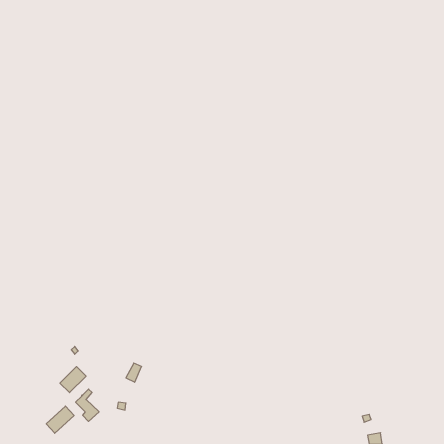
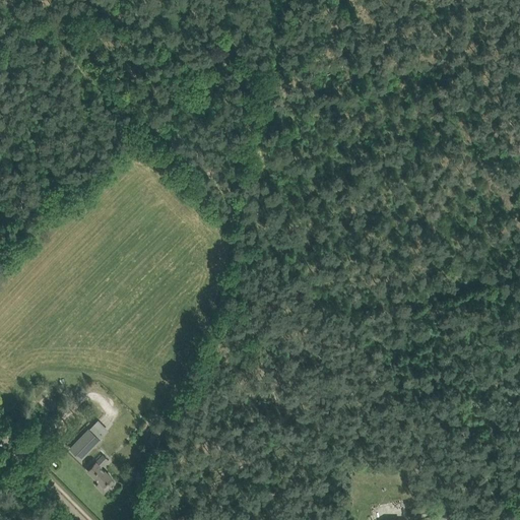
building: [46,406,74,433] -> none

